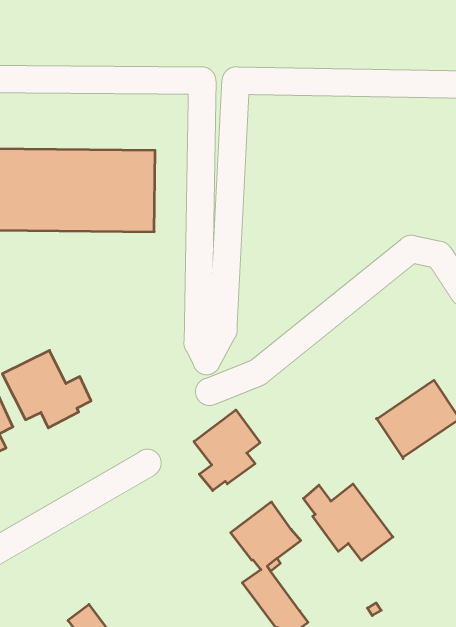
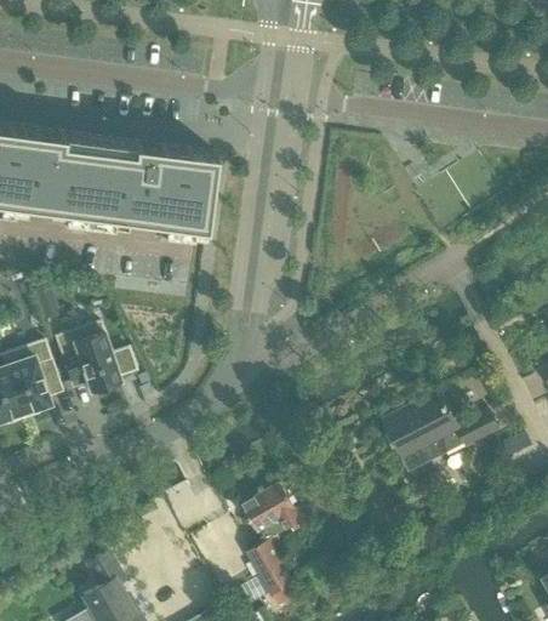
building: [194,410,260,491] -> none
building: [303,484,393,560] -> none

